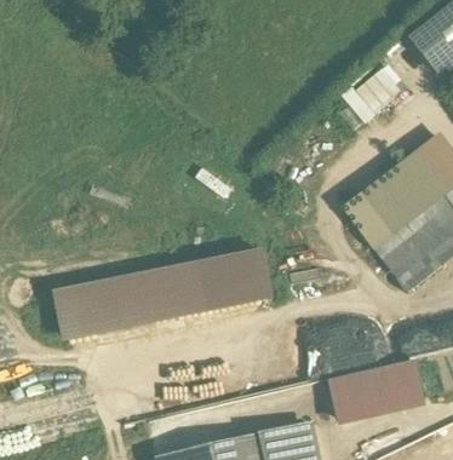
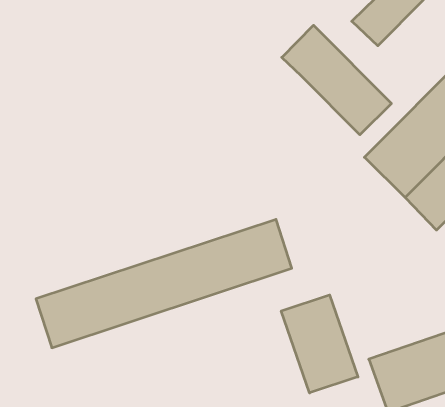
building: none -> [282,25,391,135]
building: none -> [281,295,358,393]

